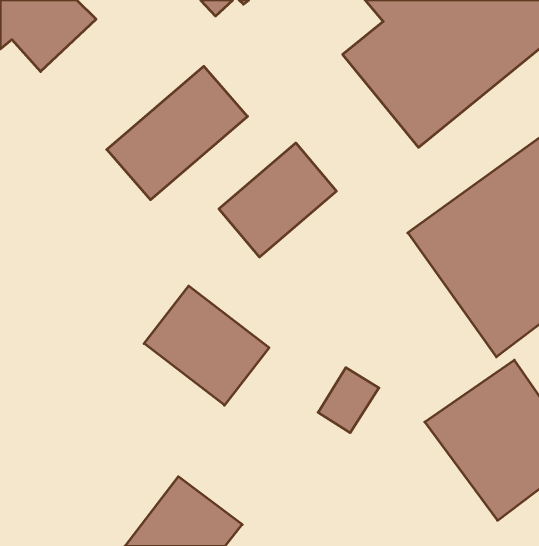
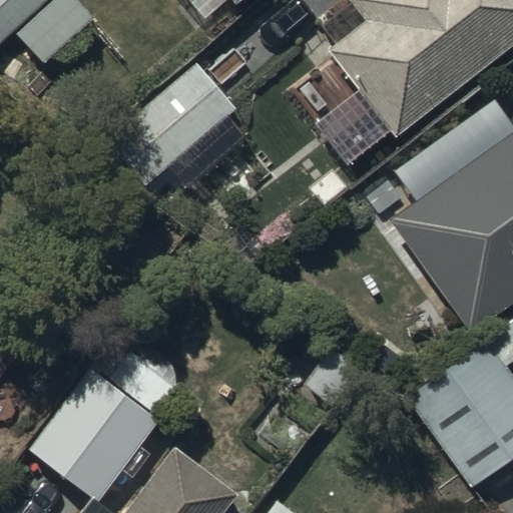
building: [219,143,336,257] -> none
building: [144,286,269,405] -> none
building: none -> [26,338,177,503]

